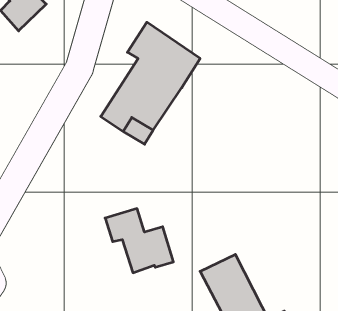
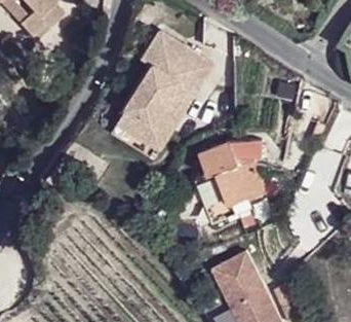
building: [105,209,173,273] -> [199,142,265,204]

